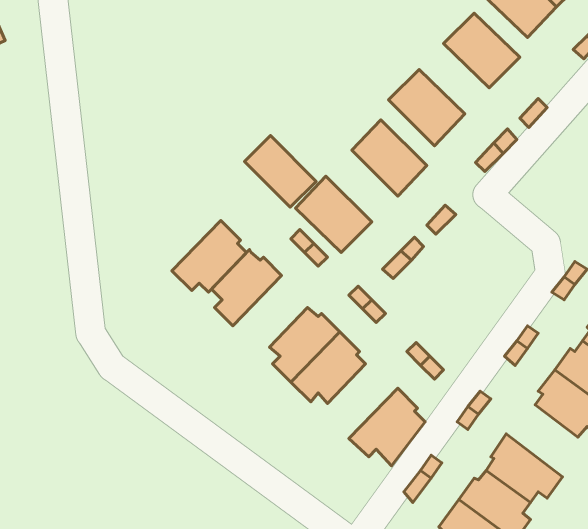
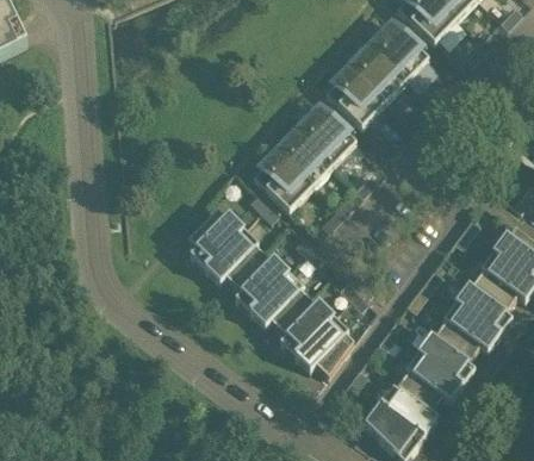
building: none -> [349,45,404,100]
building: [244,136,316,207] -> [277,129,333,185]
building: [172,220,247,292] -> [204,226,262,282]
building: none -> [278,295,333,354]
building: none -> [417,328,474,384]

